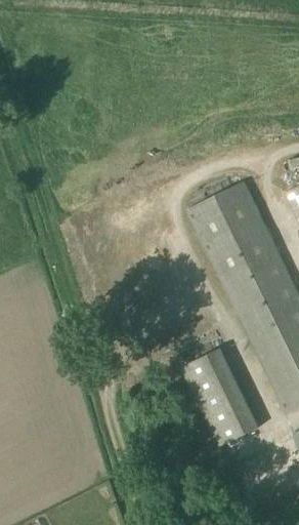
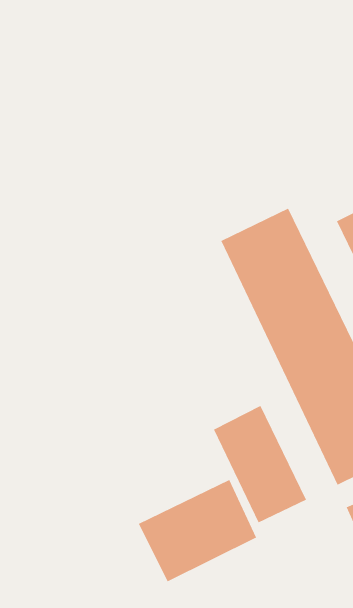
building: none -> [138,479,257,582]

